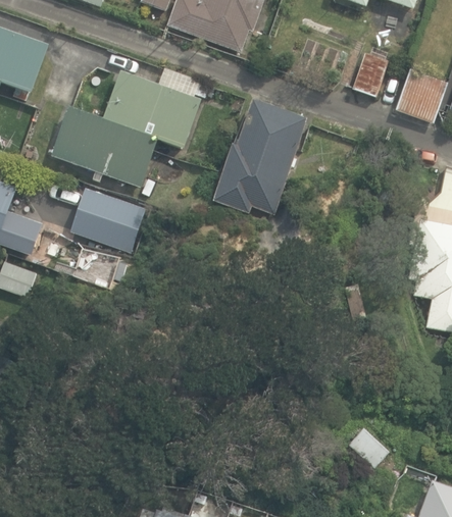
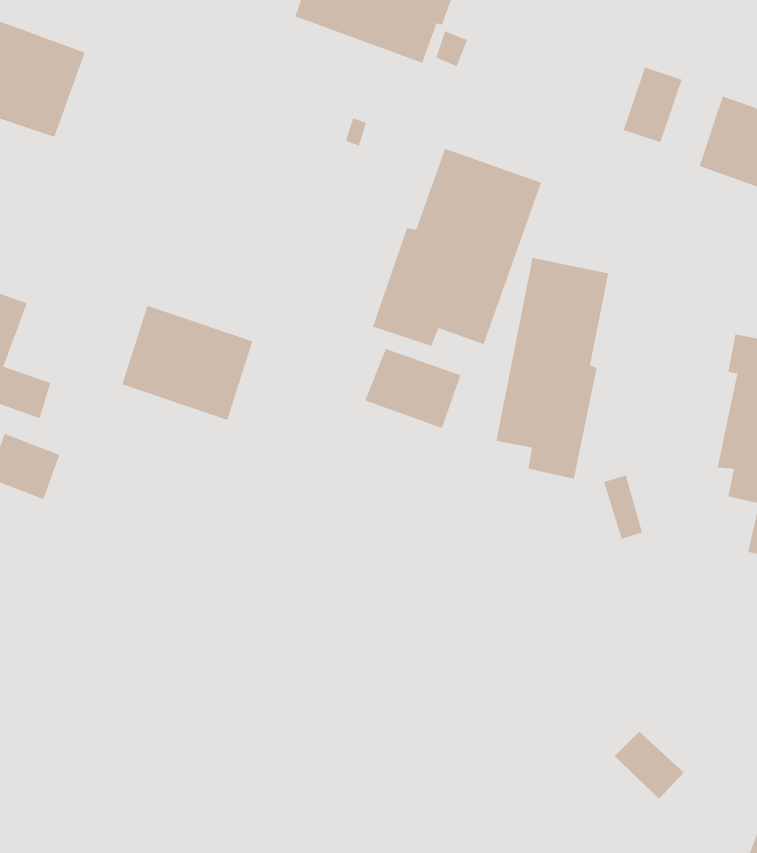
building: [53,71,201,186] -> none
building: none -> [496,257,609,480]
building: none -> [365,348,461,429]

